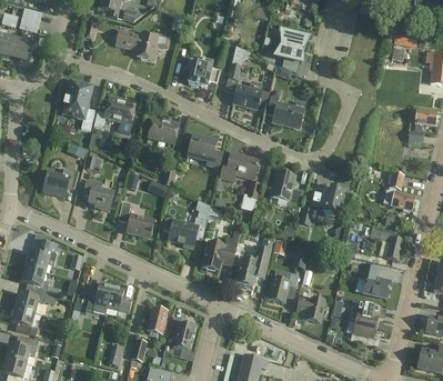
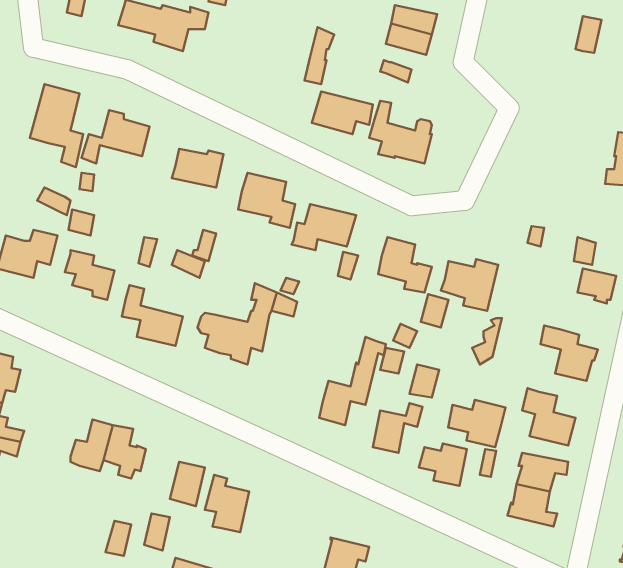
building: [188,59,220,88] -> none
building: [202,227,241,270] -> none
building: none -> [448,400,506,447]

